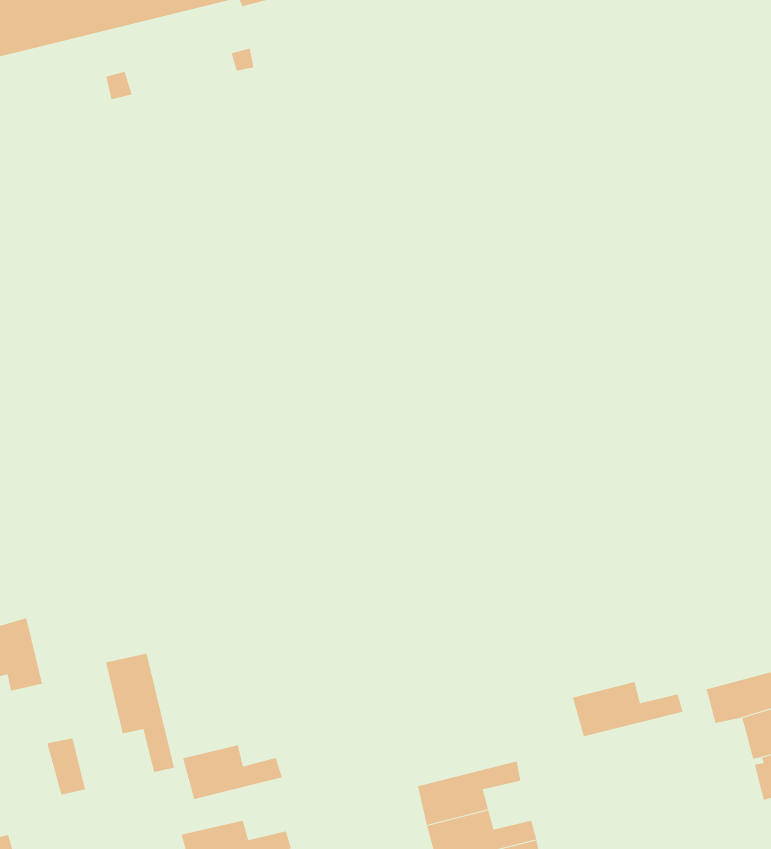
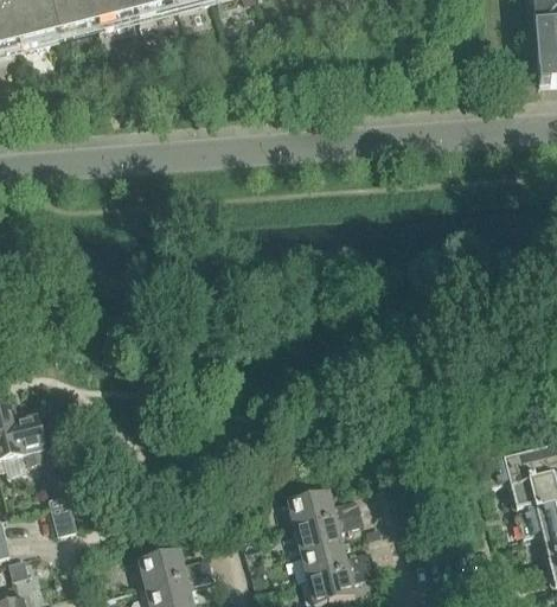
building: [105,653,175,773] -> none
building: [572,681,683,737] -> [287,490,360,526]
building: [183,744,283,800] -> none

